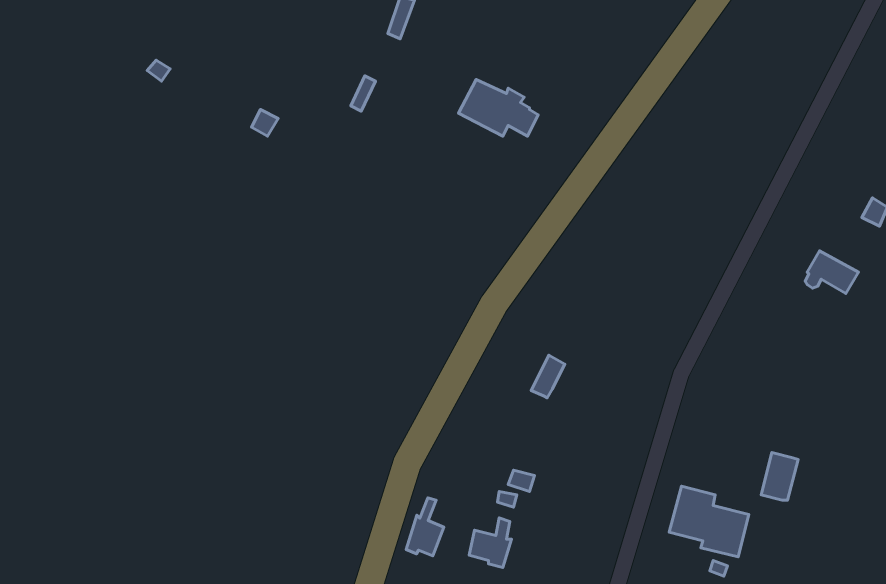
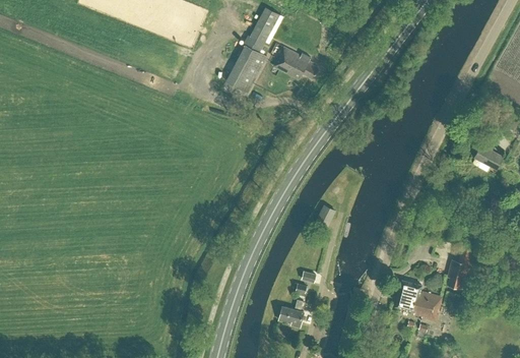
building: none -> [225,6,280,92]
building: [406,498,444,556] -> none

